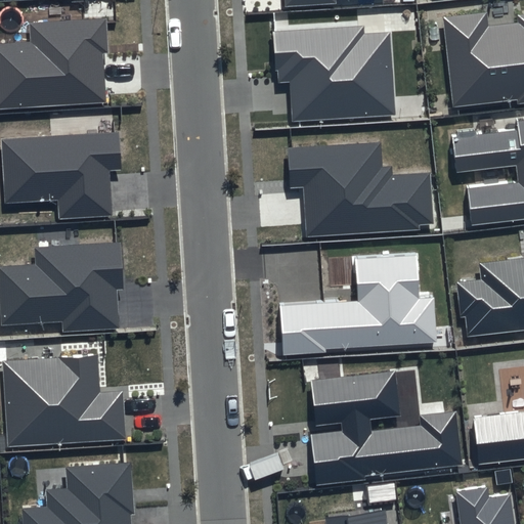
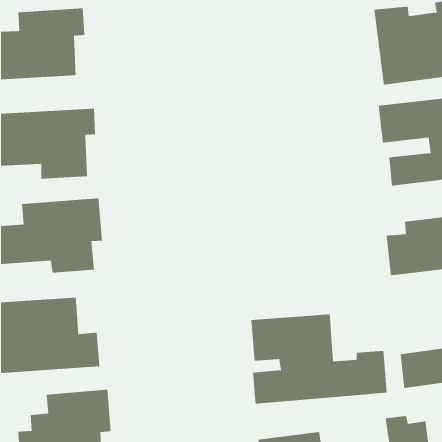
building: [271,28,389,115] -> none
building: [282,140,426,229] -> none
building: [288,264,444,363] -> none

